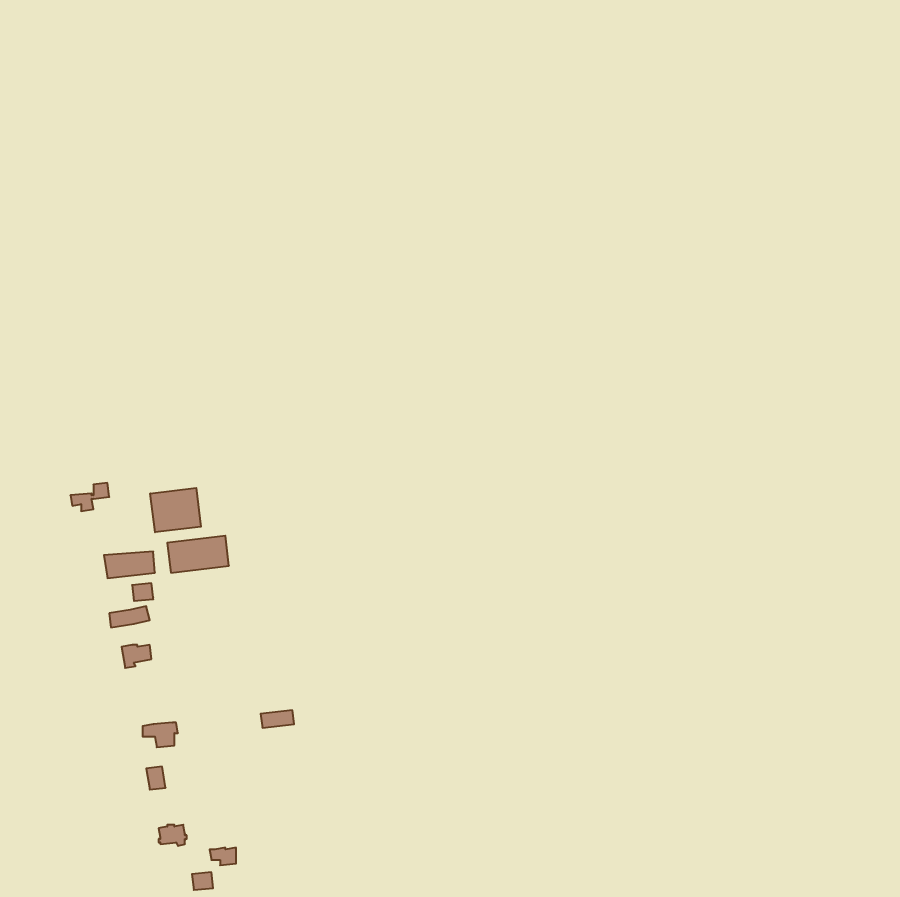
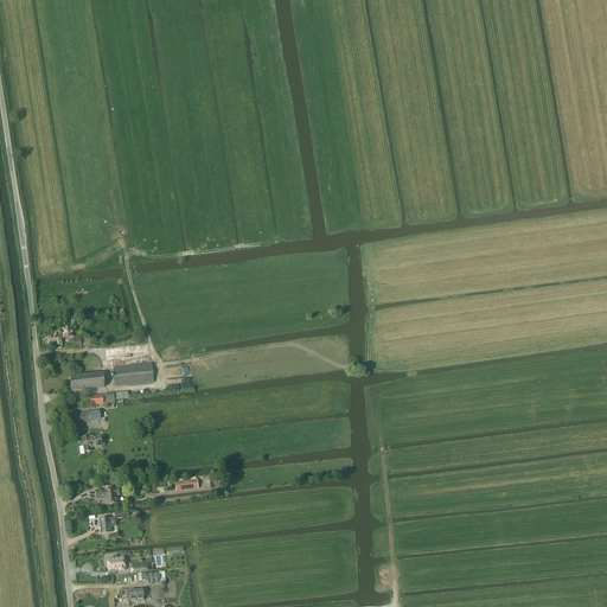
building: [150,488,201,532] -> none

